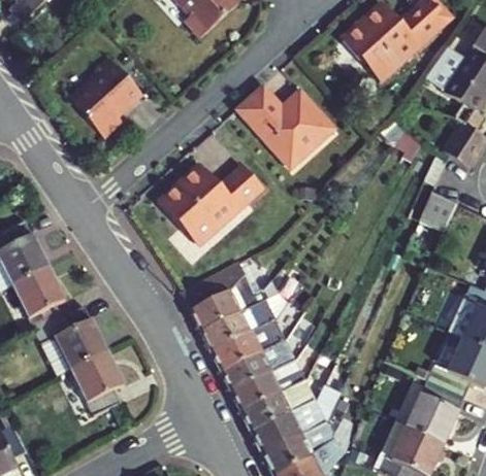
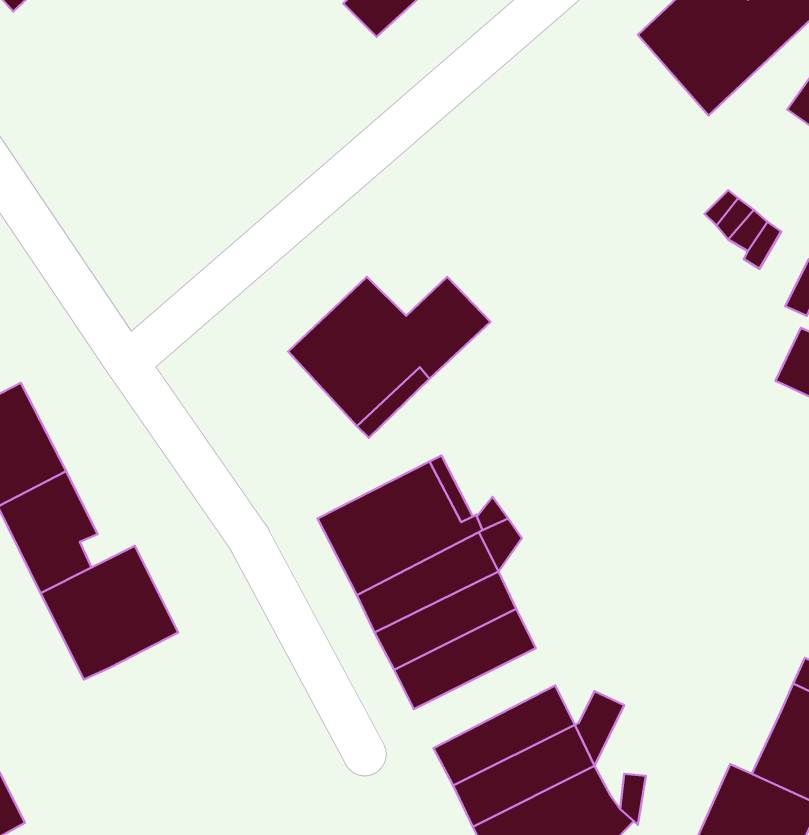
building: [82,60,149,141] -> none
building: [240,84,336,162] -> none
building: [69,351,122,415] -> none
building: [229,360,303,412] -> none

